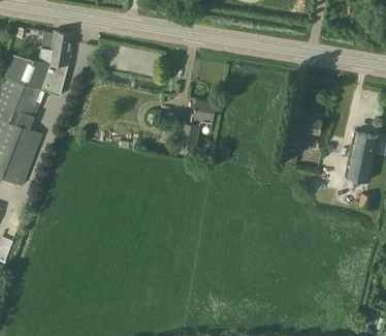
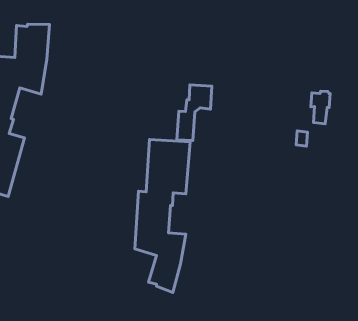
building: none -> [135,139,190,292]

